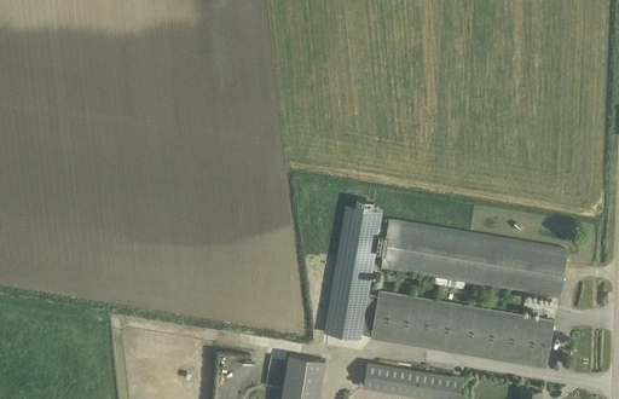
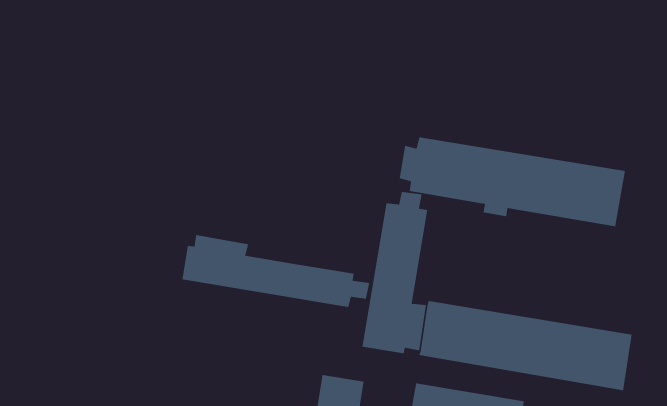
building: [372,220,566,297] -> [399,136,626,227]
building: none -> [181,234,370,308]

